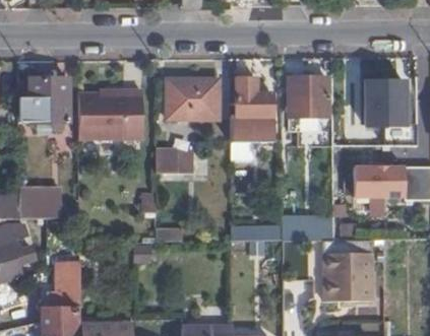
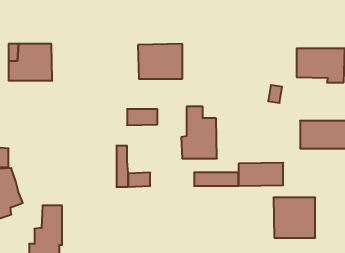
building: [290,78,328,116] -> none
building: [231,80,271,139] -> [181,107,217,158]
building: [78,90,142,135] -> none
building: [20,189,61,219] -> none

